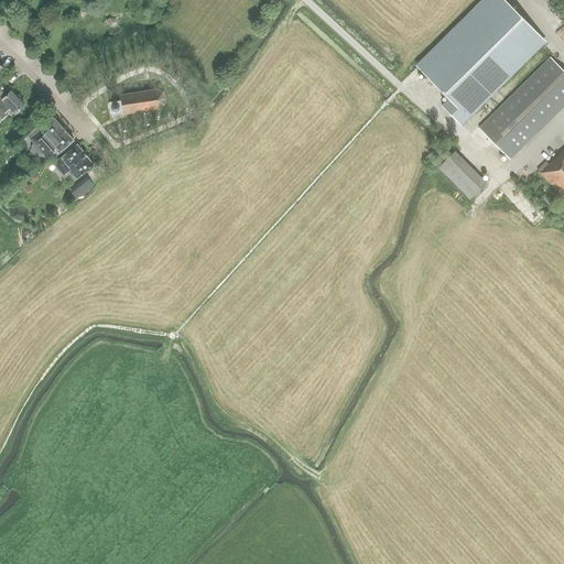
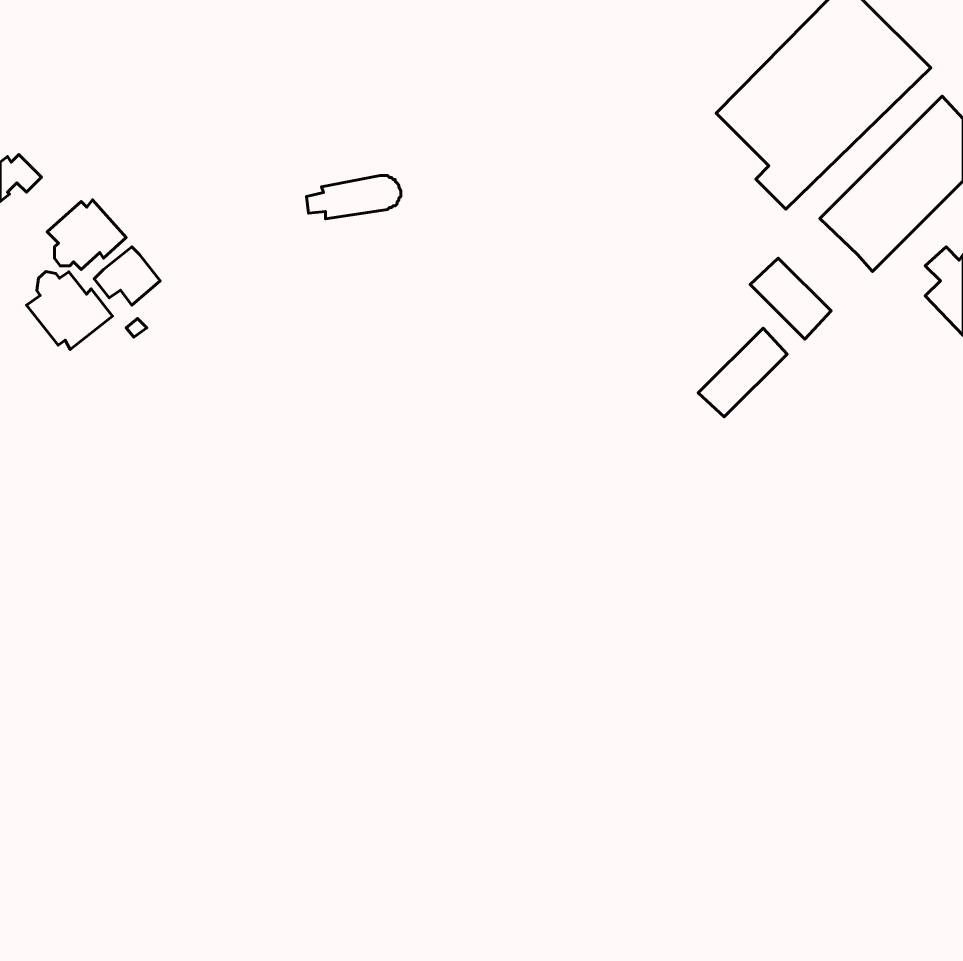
building: [110,88,165,113] -> [307,176,401,219]
building: none -> [26,271,112,349]
building: none -> [698,328,787,417]

